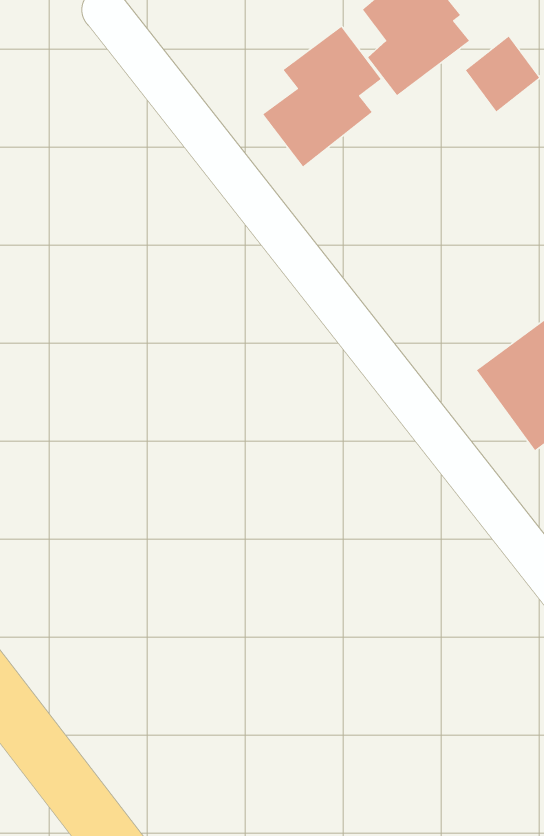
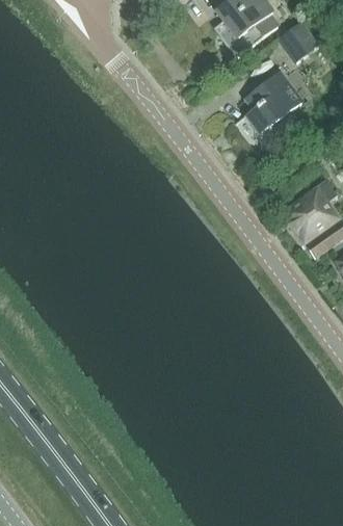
building: [262,26,382,167] -> [235,74,302,154]

